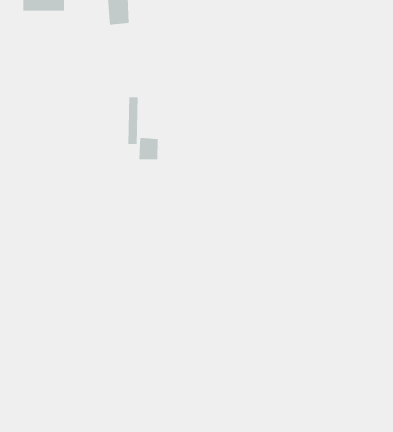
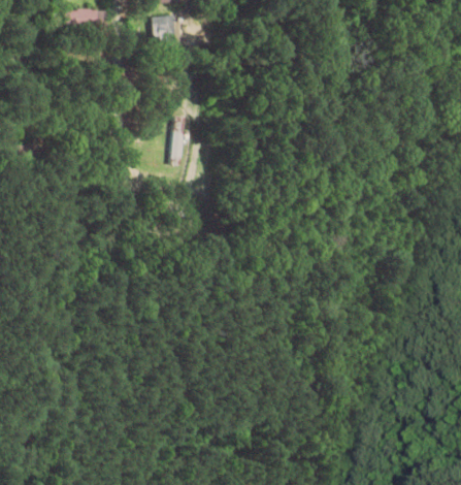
building: [139,137,158,160] -> none

